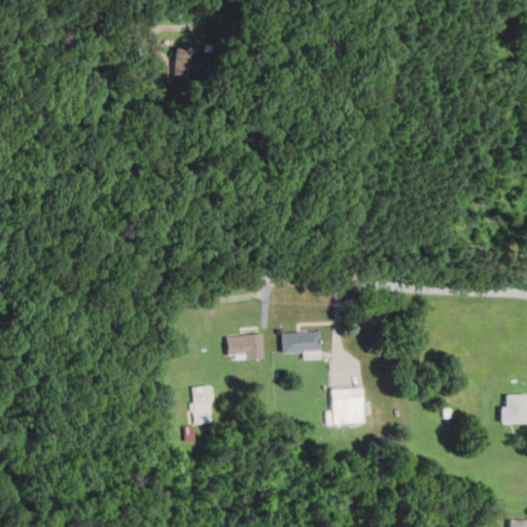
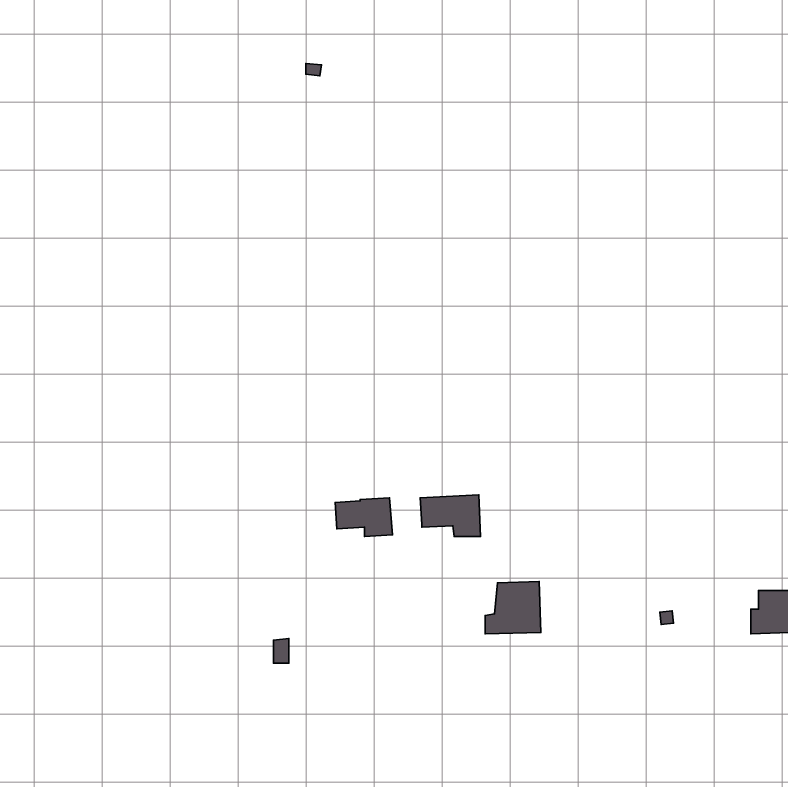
building: [173,47,204,81] -> none
building: [191,385,211,425] -> none

